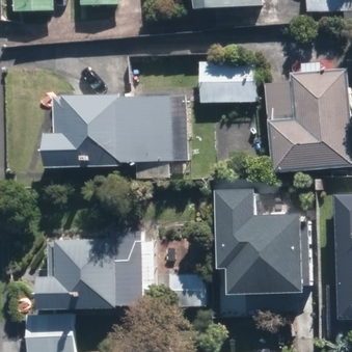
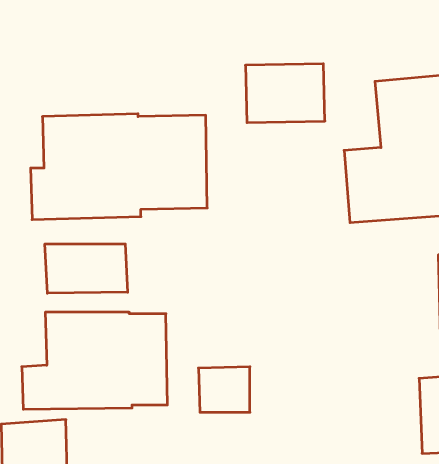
building: none -> [45,244,128,293]
building: [212,188,297,292] -> none

